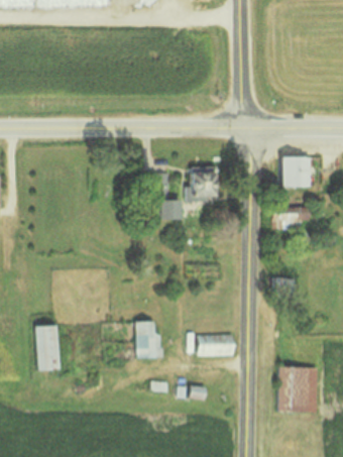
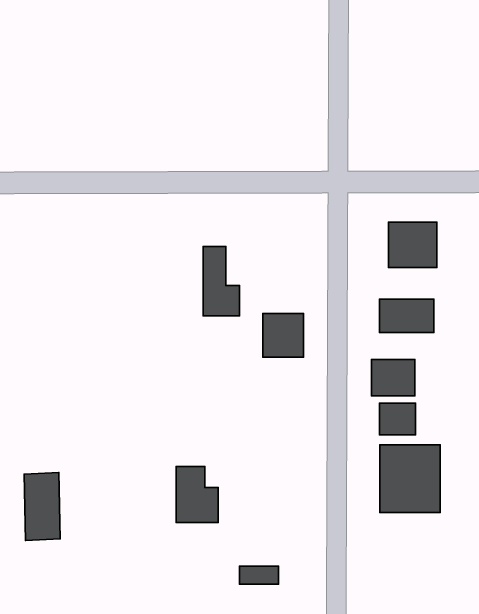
building: [186,169,213,199] -> [263,313,304,357]
building: none -> [371,360,415,396]
building: [198,335,234,355] -> none
building: [279,366,320,412] -> [380,445,440,513]

